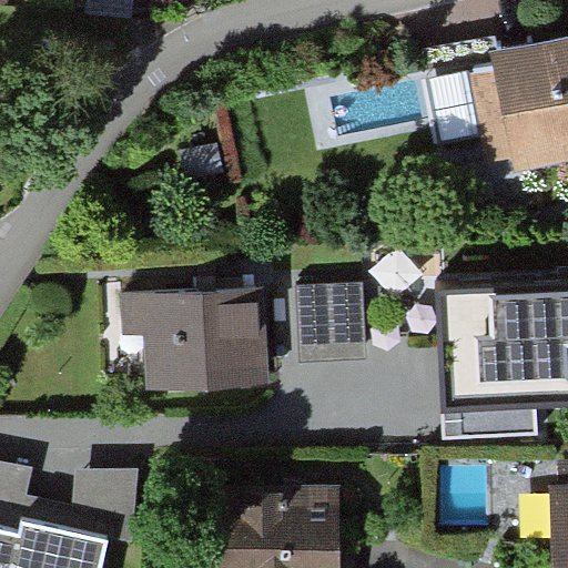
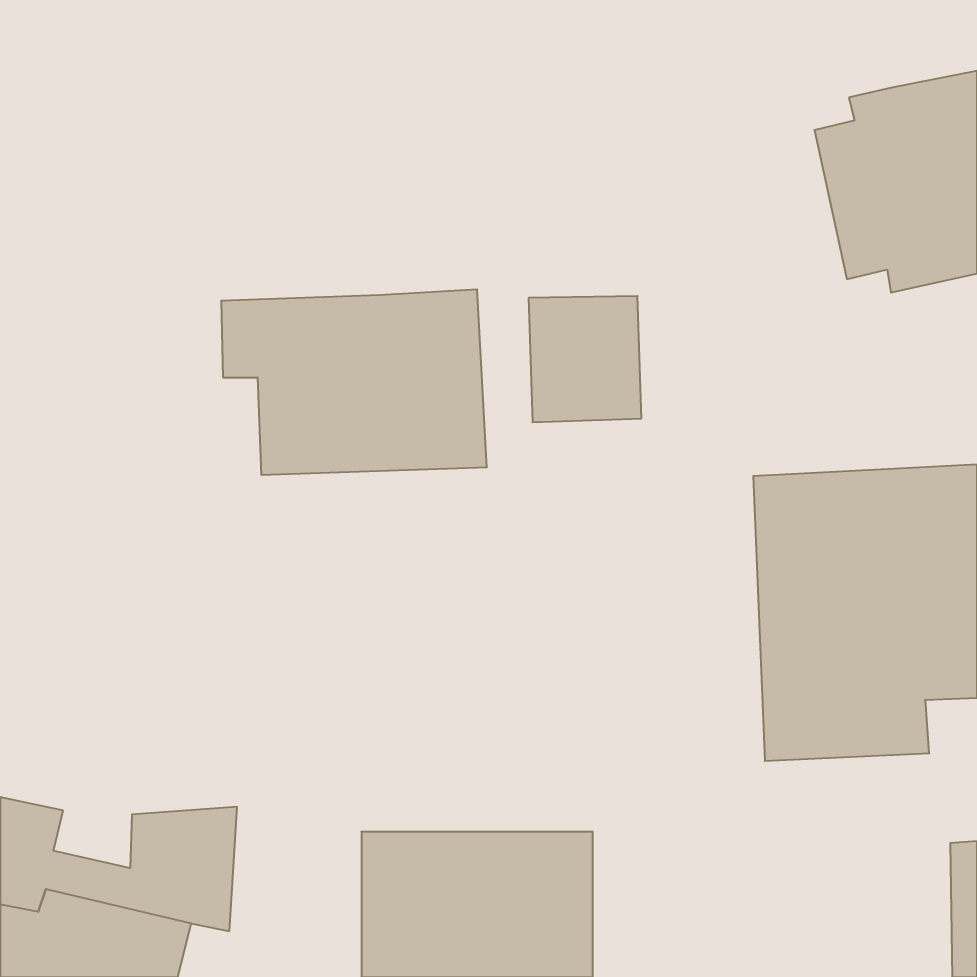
building: [300,285,365,358] -> [529,296,641,422]
building: [121,286,275,394] -> [221,289,487,475]

